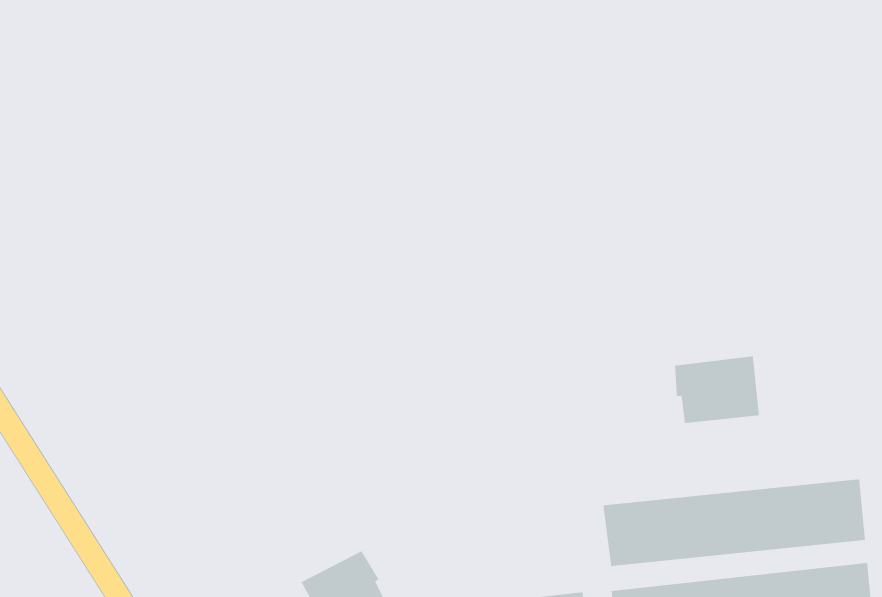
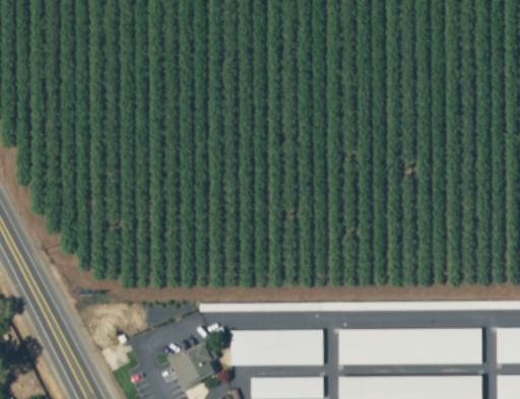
building: [674,356,760,424] -> none
building: none -> [231,330,323,365]

